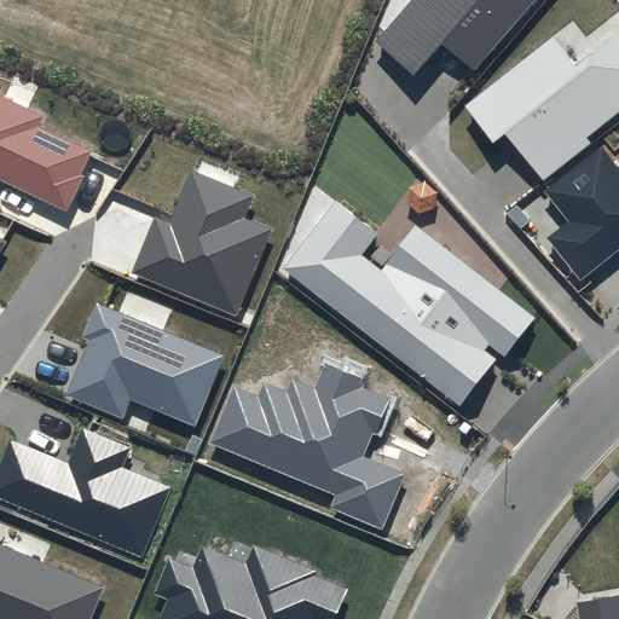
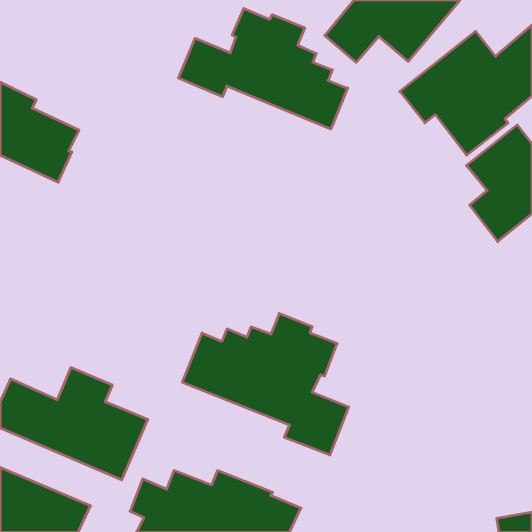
building: none -> [178,8,348,129]
building: [132,169,270,313] -> none
building: [282,199,537,406] -> none
building: [65,303,224,427] -> none

